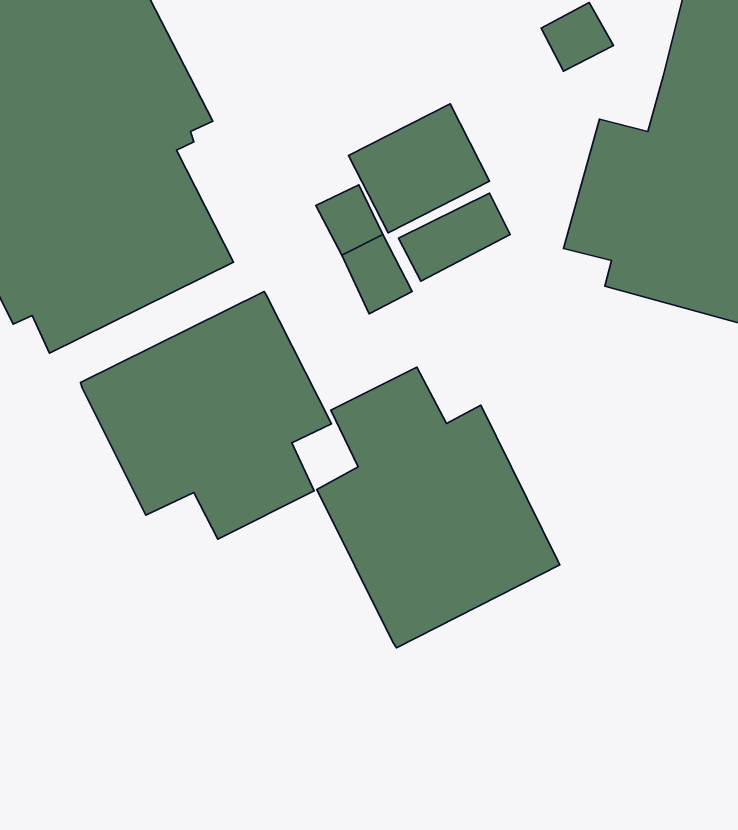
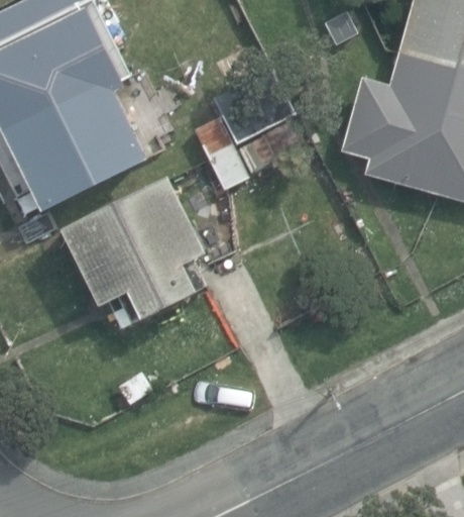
building: [317,367,560,648] -> none

